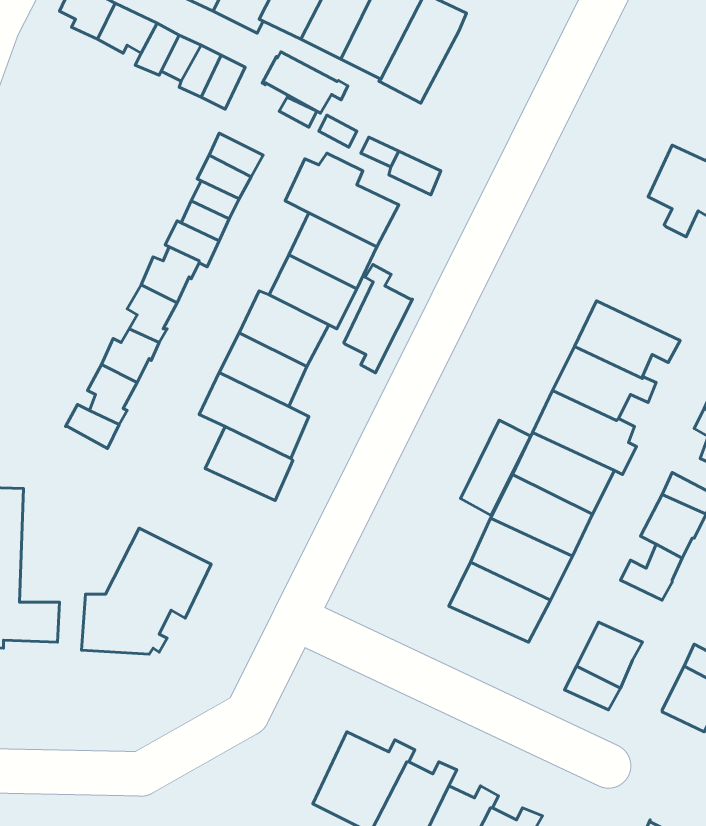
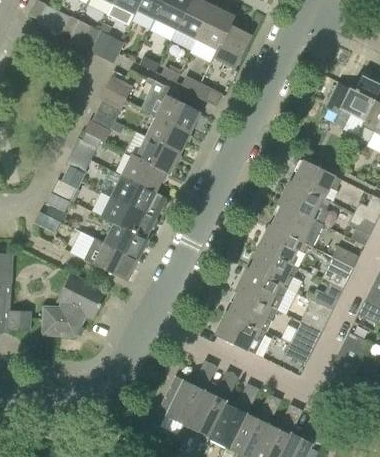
building: none -> [213,24,252,68]
building: [262,52,348,113] -> none
building: [344,265,412,373] -> none
building: [461,420,531,516] -> none
building: none -> [84,238,139,280]
building: none -> [301,299,333,330]
building: none -> [215,312,266,353]

